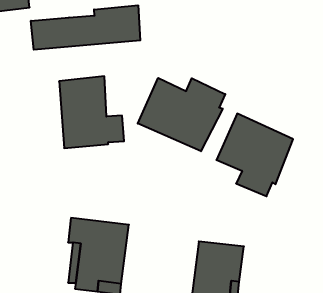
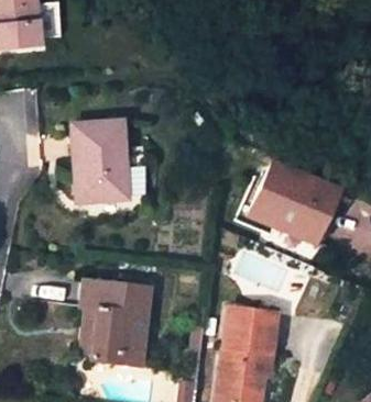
building: [31,5,140,50] -> none
building: [138,78,225,151] -> none

